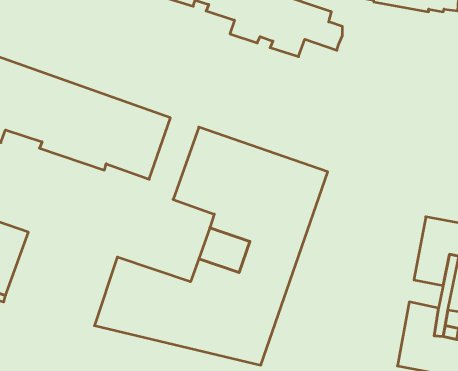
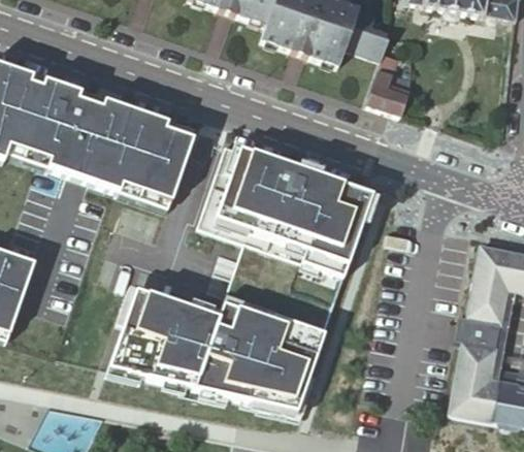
building: none -> [366,50,408,114]
building: none -> [455,315,501,348]

